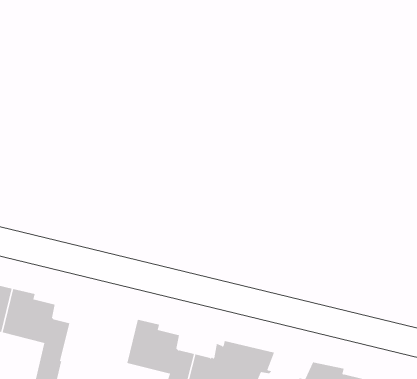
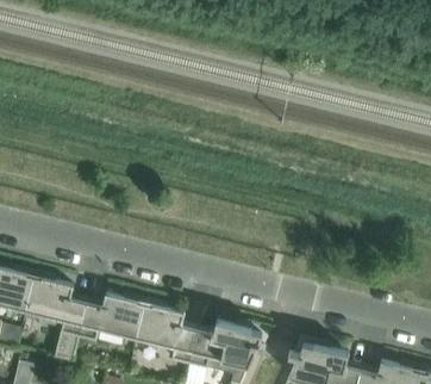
building: none -> [77,295,145,342]

